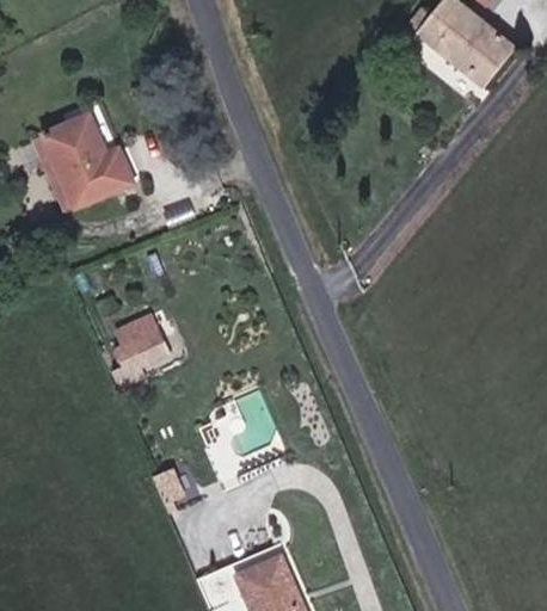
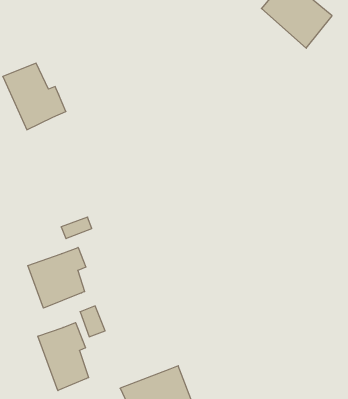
building: none -> [28,247,86,308]
building: none -> [38,323,89,391]

